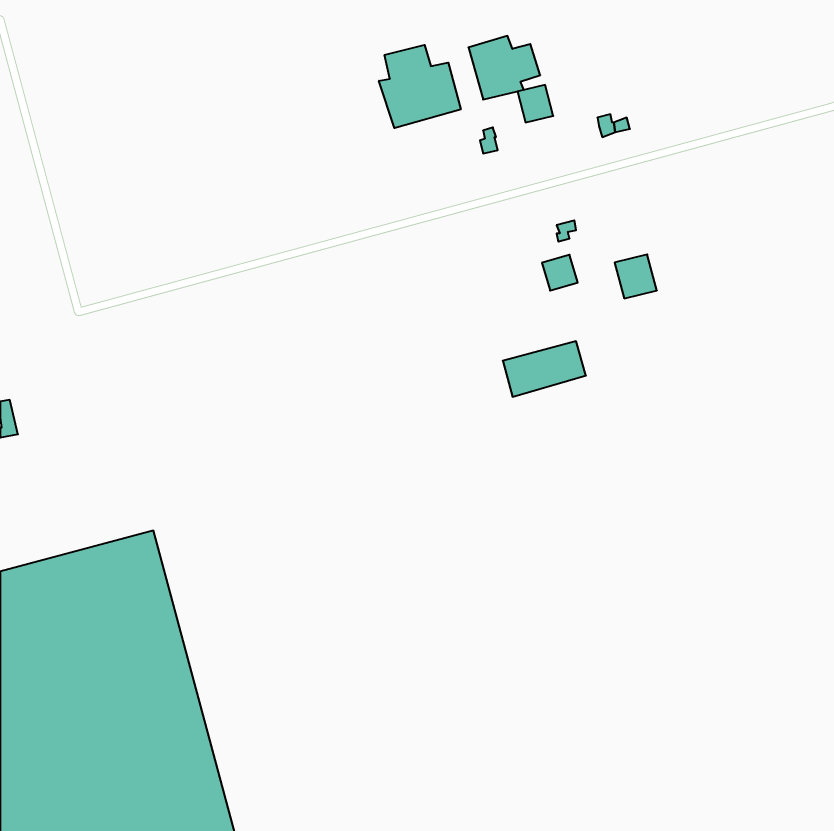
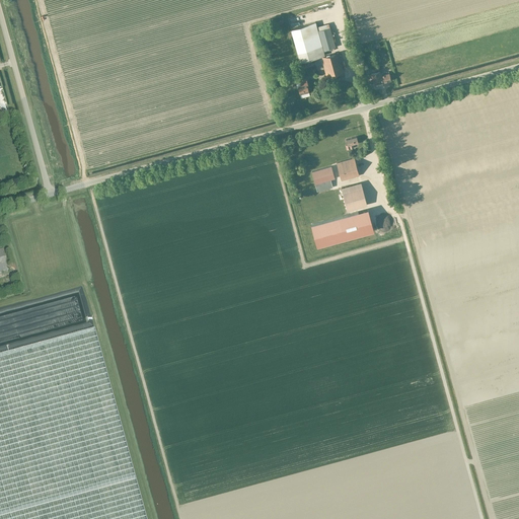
building: [379,45,461,128] -> none
building: [615,254,657,298] -> [341,184,367,212]
building: none -> [311,168,335,194]

